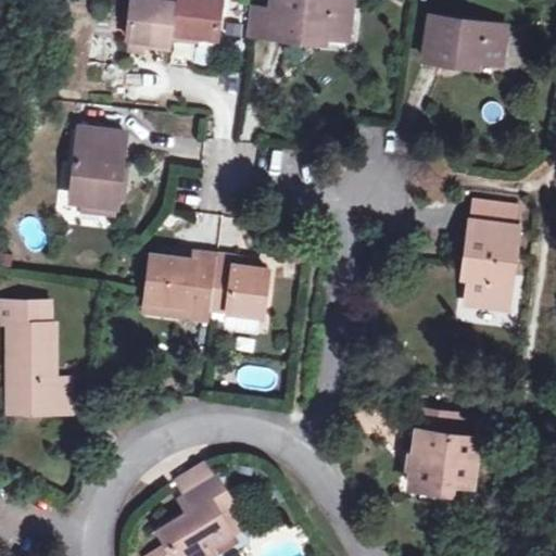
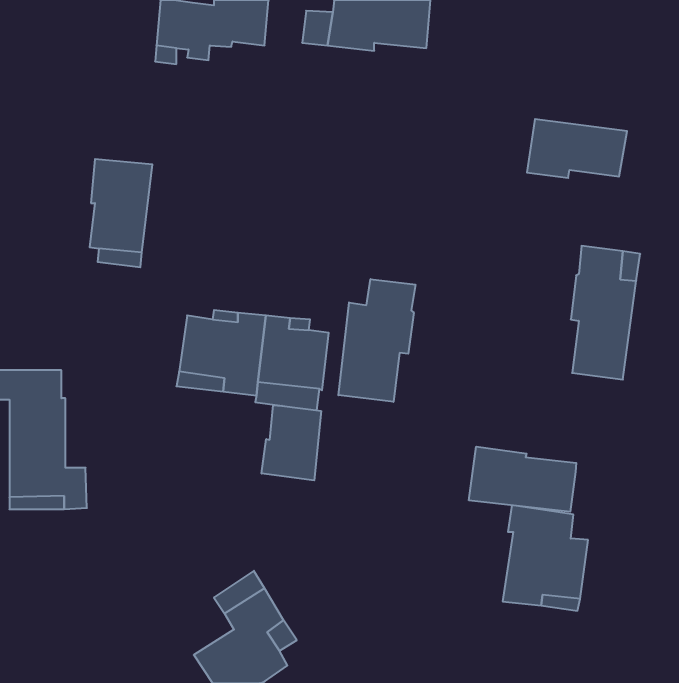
building: [424,16,505,64] -> [527,119,627,178]
building: none -> [338,279,415,402]
building: none -> [262,405,321,480]
building: none -> [469,447,576,512]

